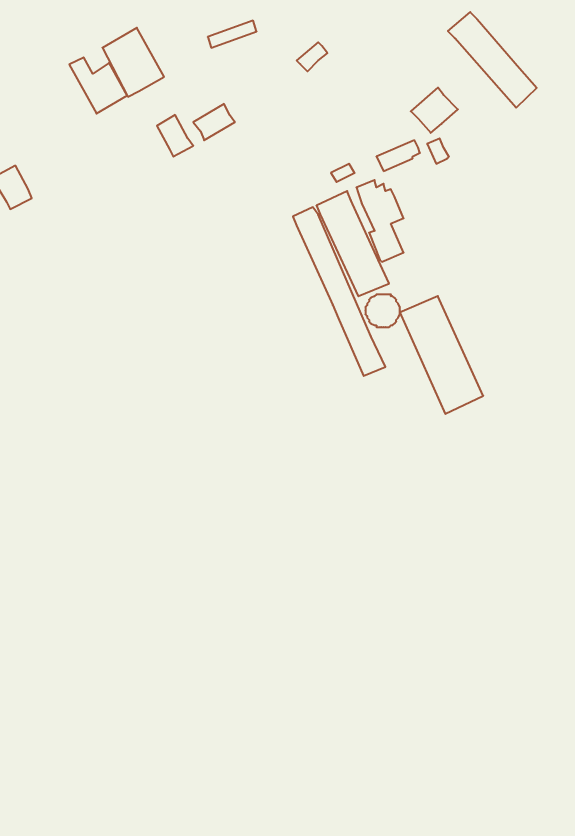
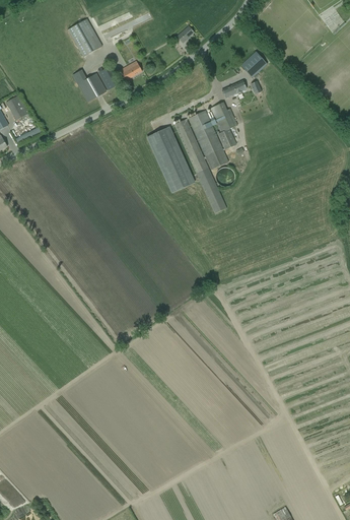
building: [448,12,537,108] -> none
building: [69,57,127,114] -> [73,70,106,102]
building: [400,296,483,414] -> [147,127,194,193]

